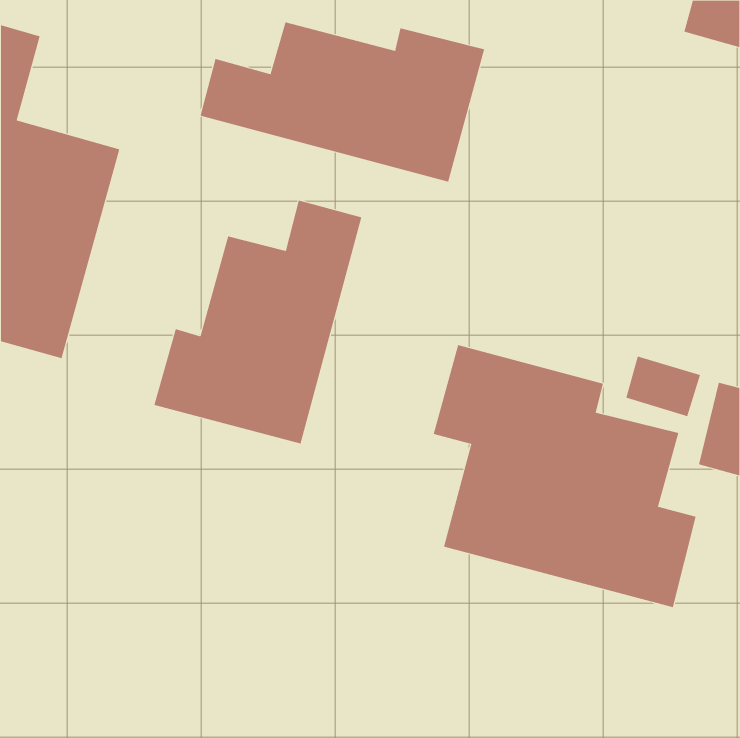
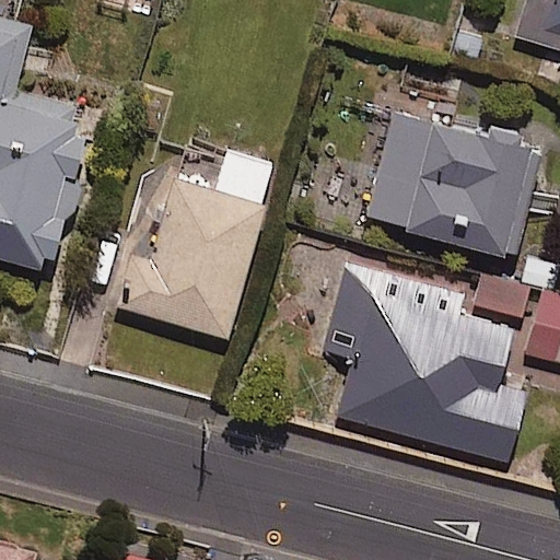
building: [200,21,485,182] -> none
building: none -> [365,114,538,258]

